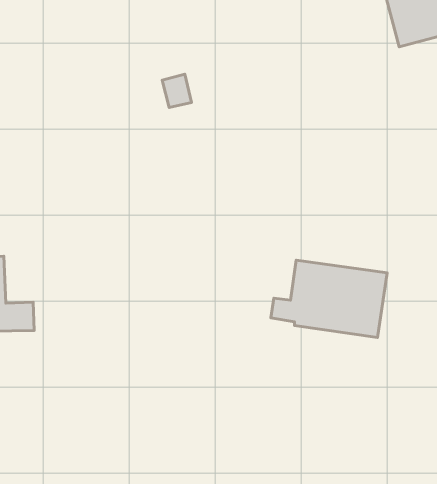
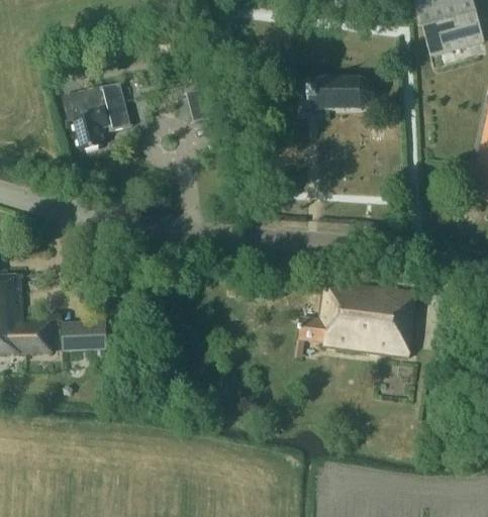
building: none -> [308,77,375,109]
building: none -> [68,83,126,148]
building: none -> [59,324,105,351]

